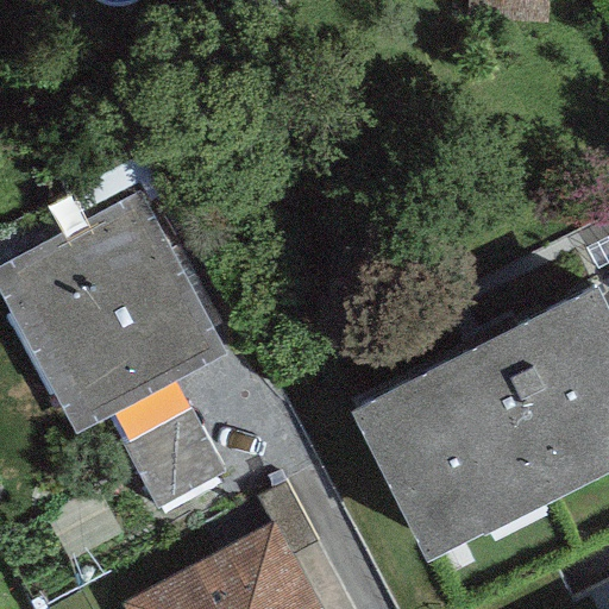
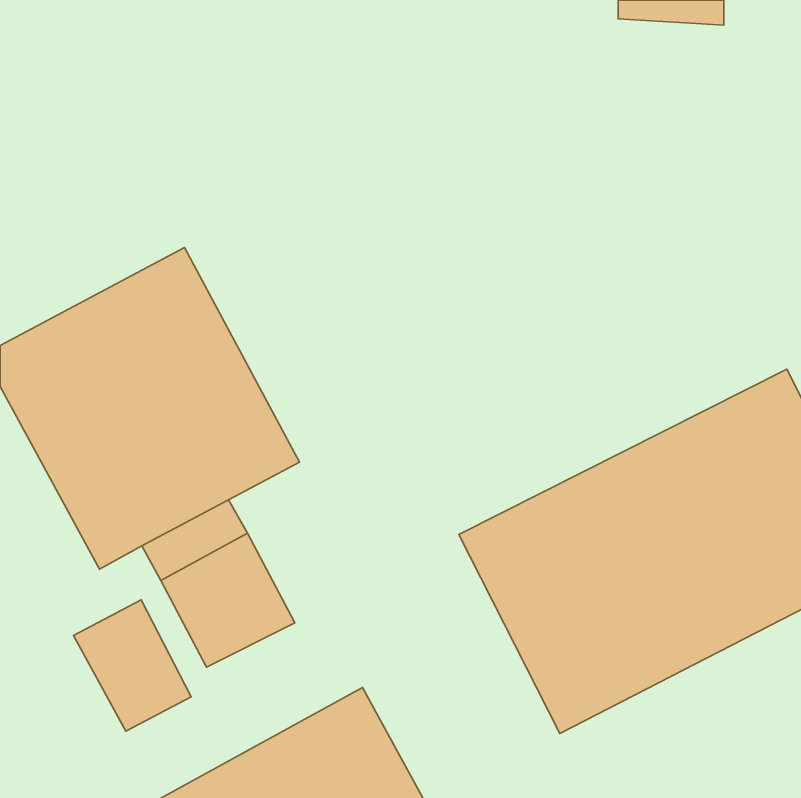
building: none -> [74,600,191,731]

